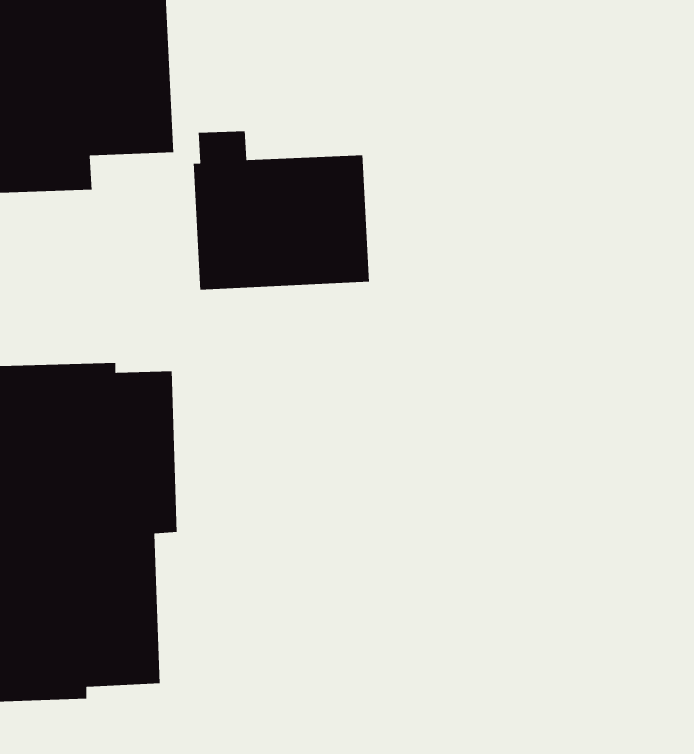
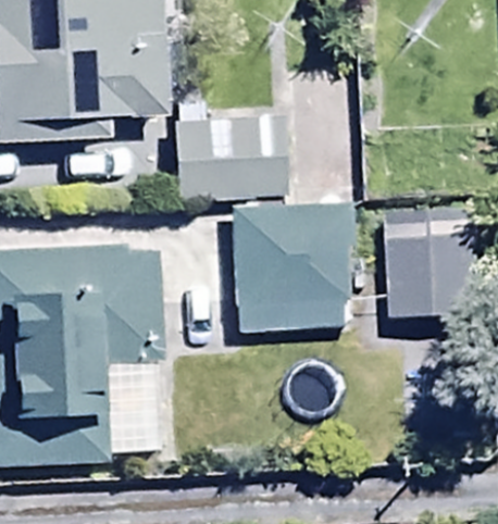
building: none -> [231,200,352,329]
building: none -> [389,210,490,316]

